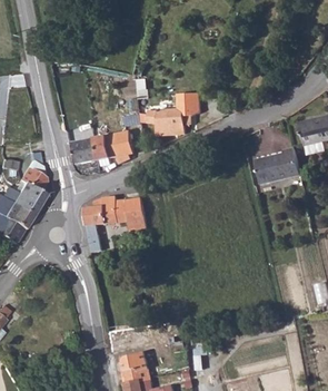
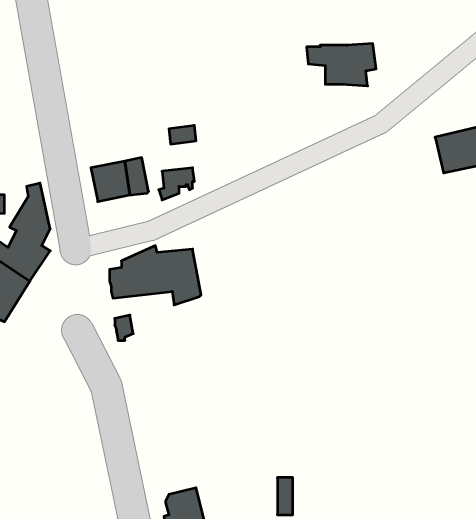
building: [146,106,191,134] -> [307,44,376,86]
building: [107,129,140,157] -> none
building: [256,147,301,184] -> none

